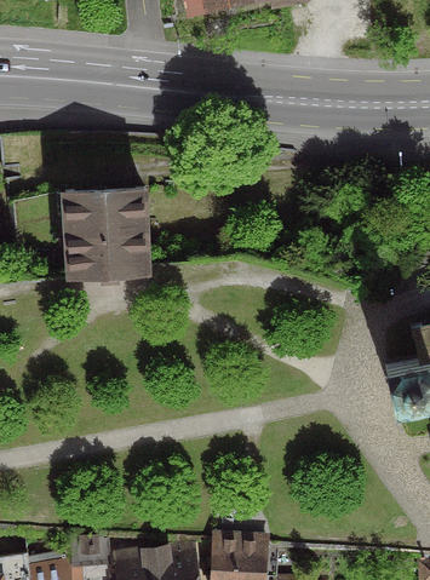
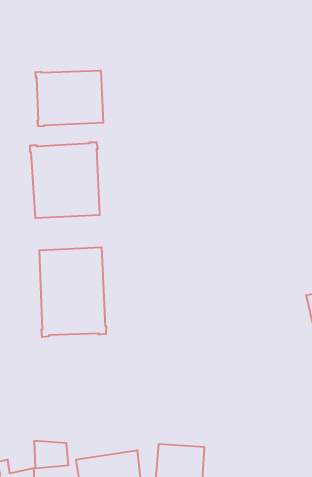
building: none -> [35,70,103,126]
building: none -> [39,247,106,337]

